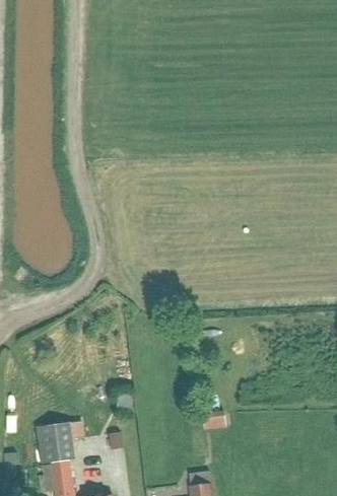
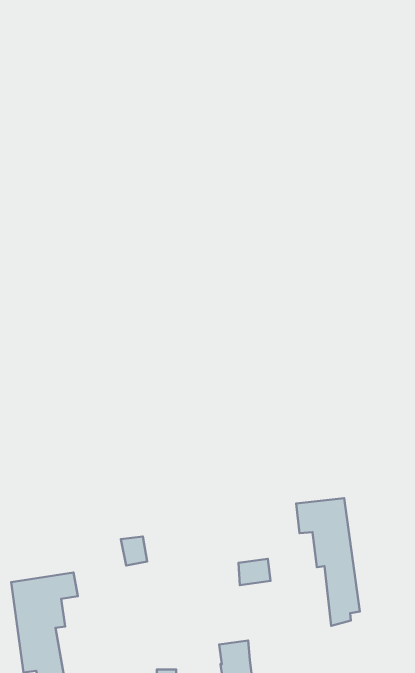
building: none -> [296,498,360,626]

